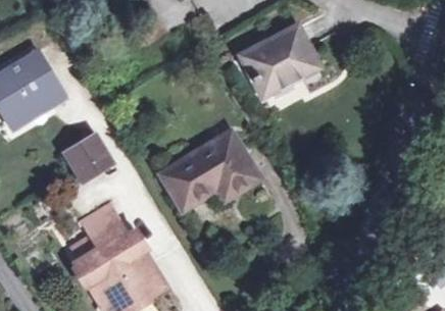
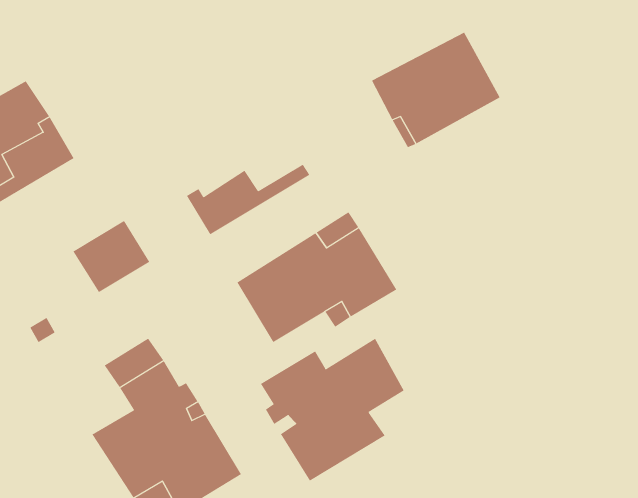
building: none -> [186,164,310,235]
building: none -> [260,338,404,481]

